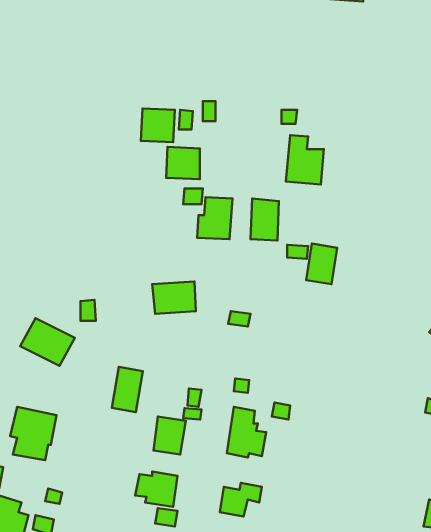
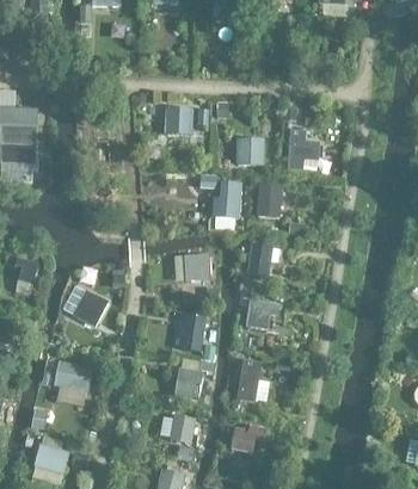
building: [166,147,200,179] -> [235,137,264,165]
building: [306,243,337,284] -> [246,242,272,277]
building: none -> [246,298,279,328]
building: [112,367,143,412] -> [180,314,207,352]

